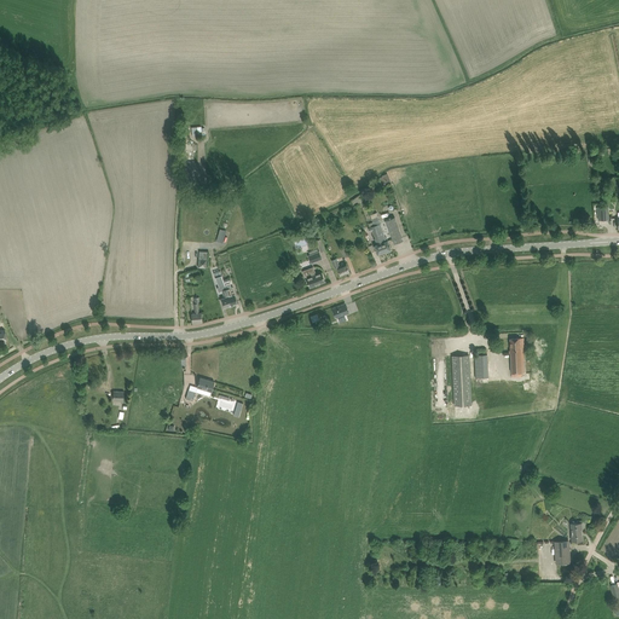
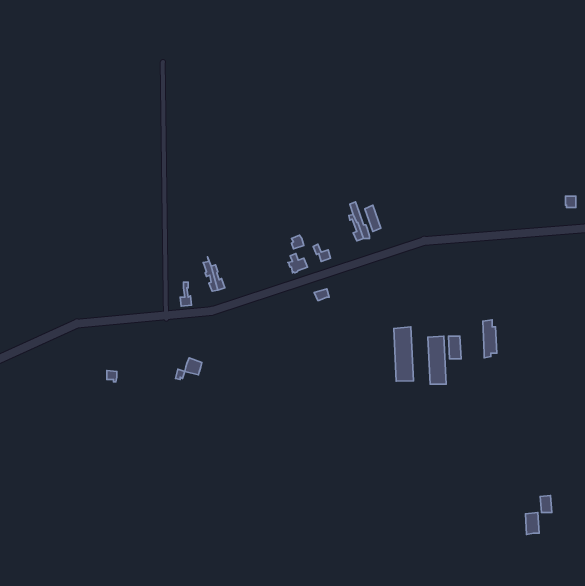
building: none -> [394,327,413,381]

